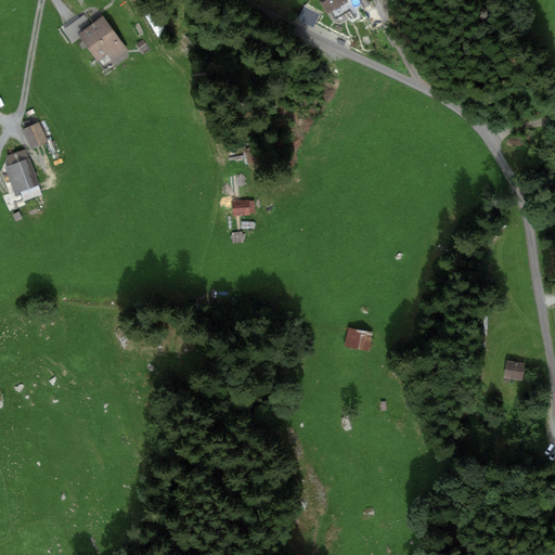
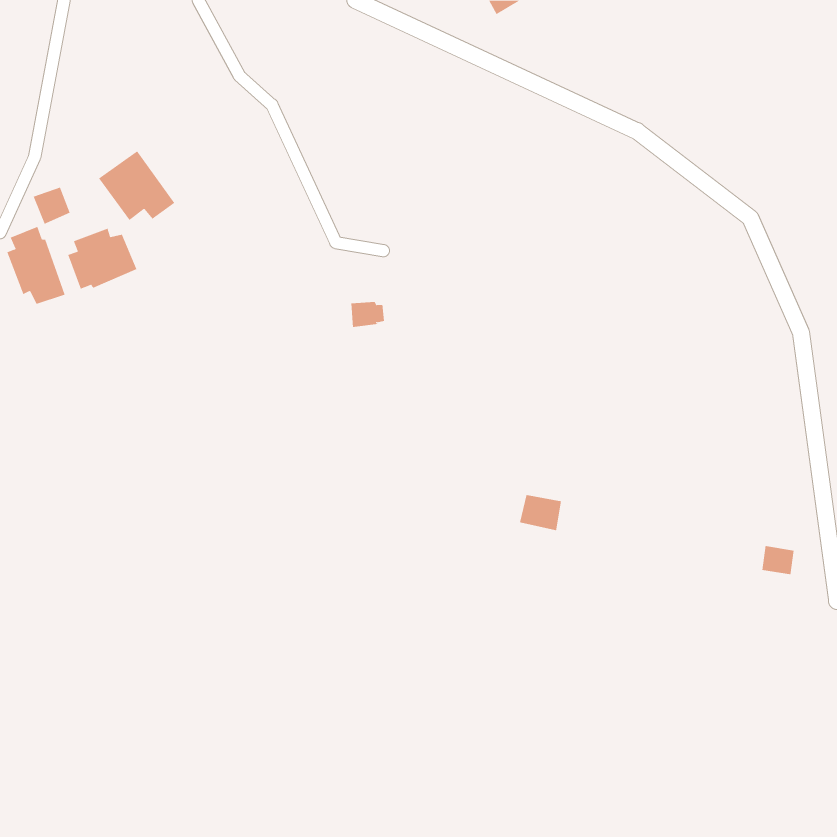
building: [77,15,128,62] -> [98,151,175,221]
building: none -> [67,228,137,290]

